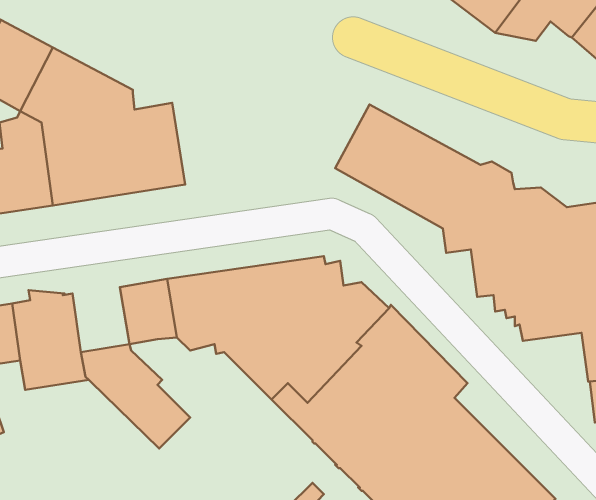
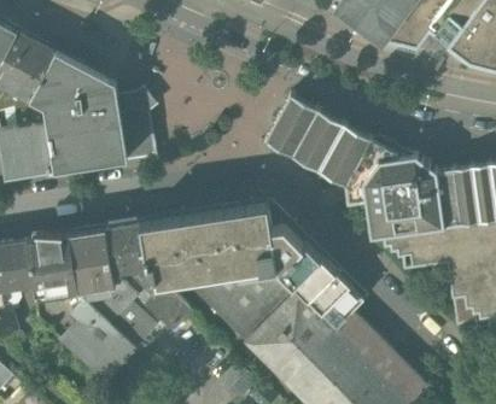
building: none -> [69,229,111,277]
building: none -> [132,267,189,330]
building: none -> [60,299,133,380]

